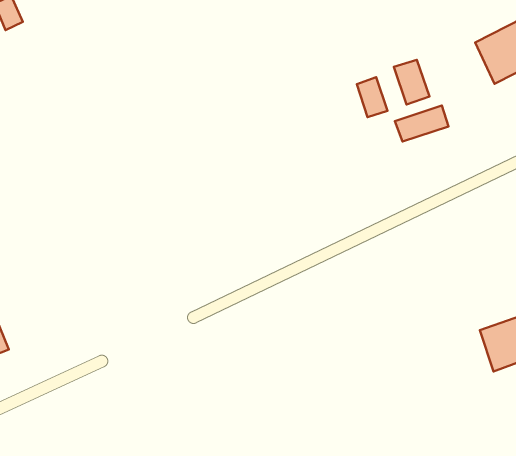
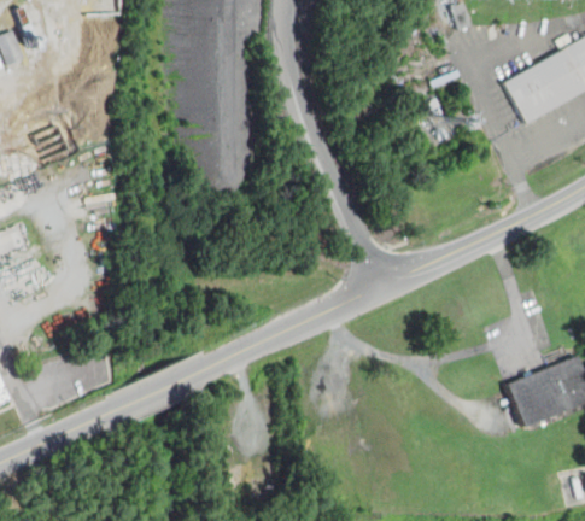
building: [357,77,387,117] -> none
building: [395,106,448,142] -> none

